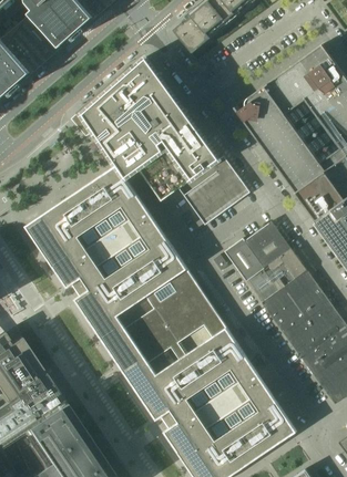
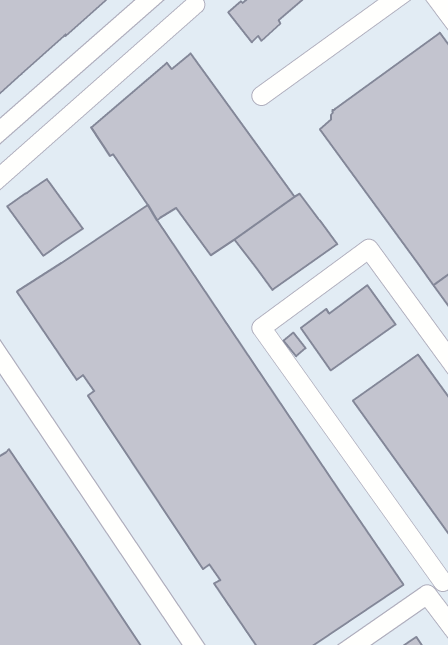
building: none -> [7,179,83,256]
building: [246,249,307,302] -> none

